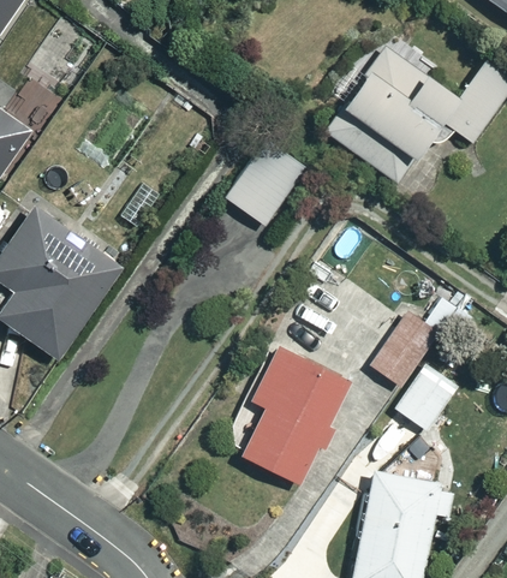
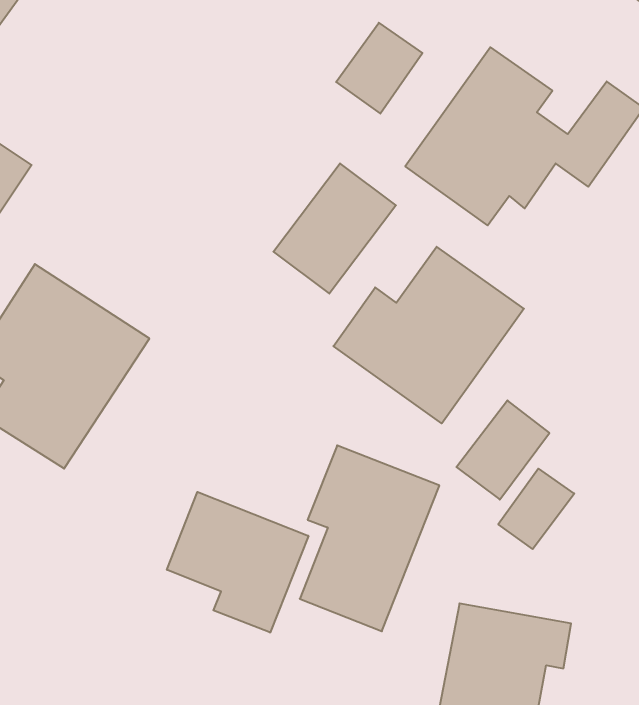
building: none -> [336,23,422,114]
building: none -> [333,247,524,423]
building: none -> [167,492,308,633]

